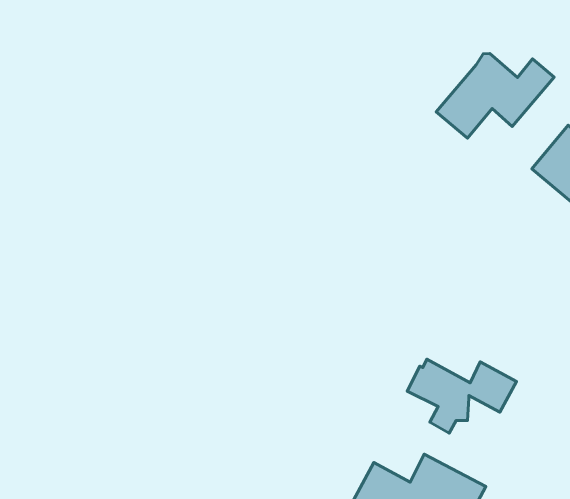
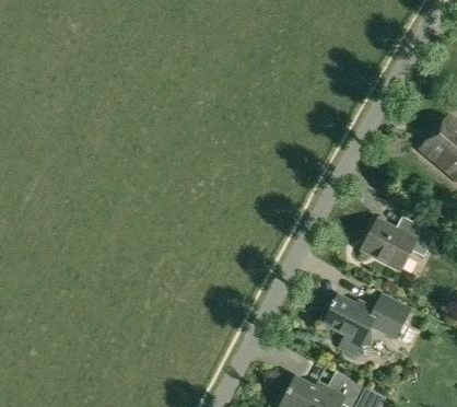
building: [436,53,554,138] -> none
building: none -> [360,214,435,269]

